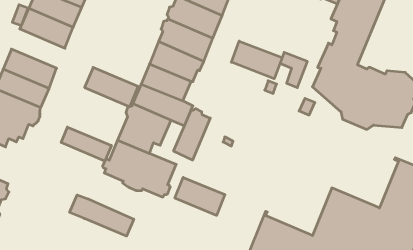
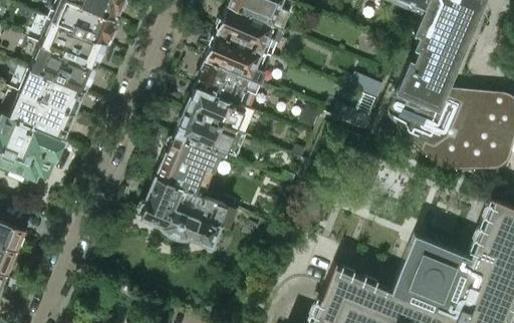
building: [231,41,282,79] -> none
building: [85,67,138,107] -> [29,45,93,92]
building: [174,109,210,160] -> none
building: [61,127,111,161] -> none
building: [175,177,225,215] -> none
building: [70,195,134,236] -> none

